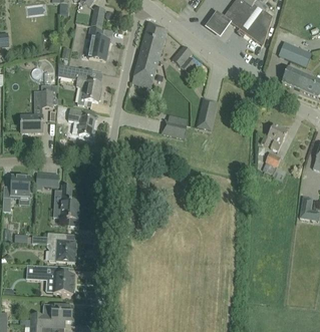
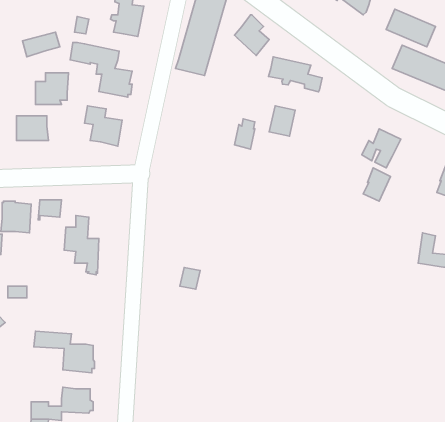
building: none -> [268,57,322,92]
building: [47,233,76,263] -> none

